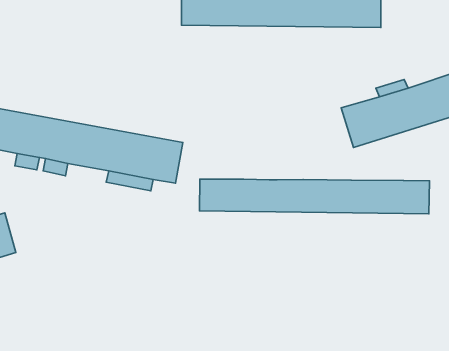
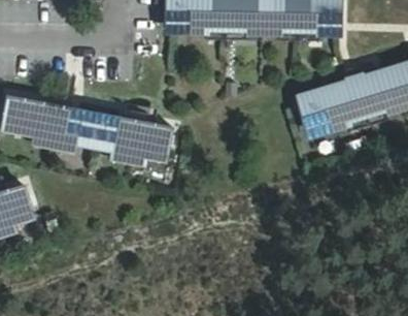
building: [199,179,429,214] -> none

